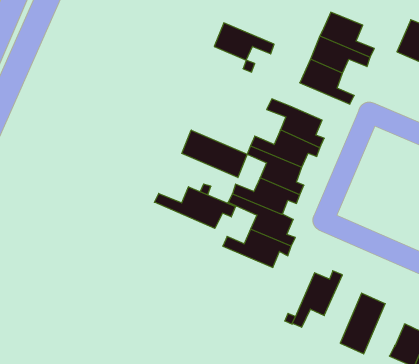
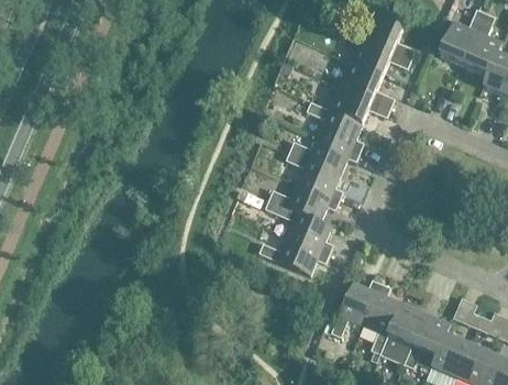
building: [214,23,274,60] -> [329,86,390,124]
building: [182,130,247,178] -> none
building: [154,187,236,228] -> none
building: none -> [364,284,402,354]
building: none -> [405,314,452,369]

